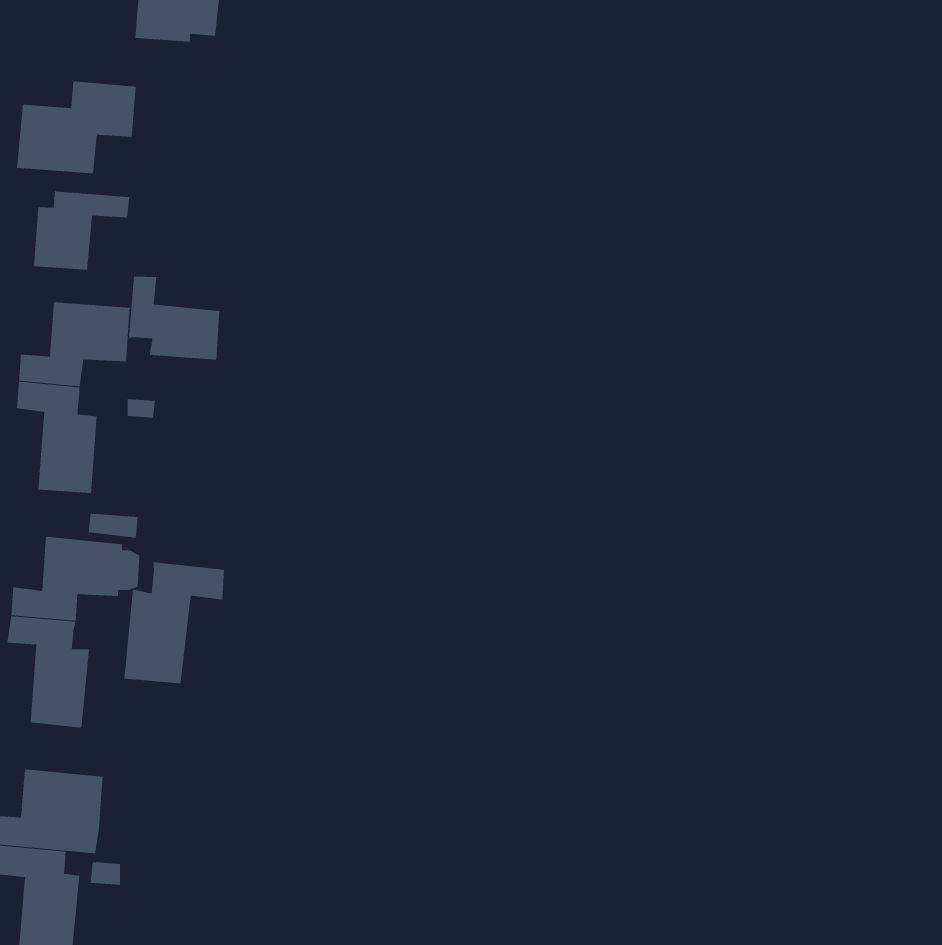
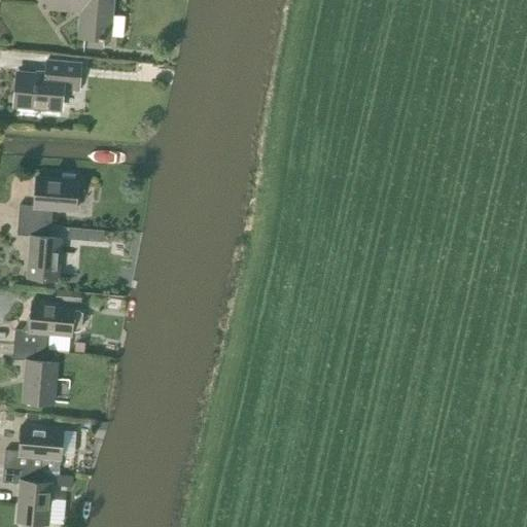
building: [26,188,130,270] -> none
building: [128,276,220,360] -> none
building: [124,562,224,684] -> none

